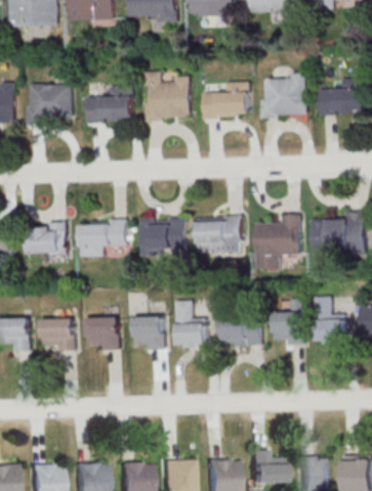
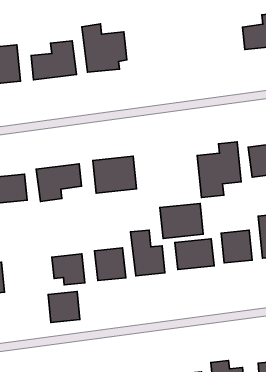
building: [260,76,305,118] -> none
building: [201,82,248,119] -> none
building: [196,216,240,250] -> [160,203,203,238]
building: [40,319,72,350] -> [48,291,80,322]

